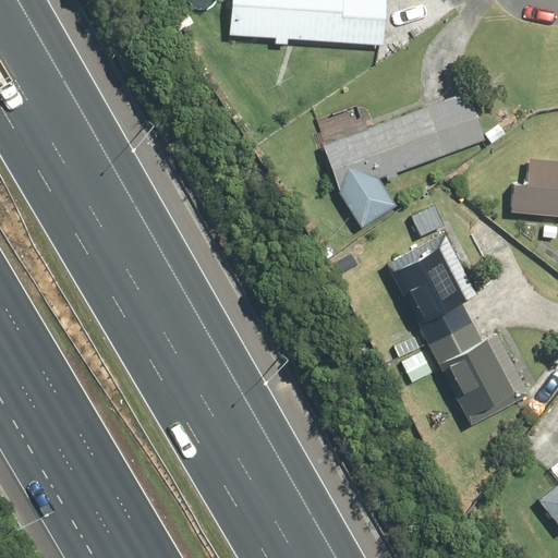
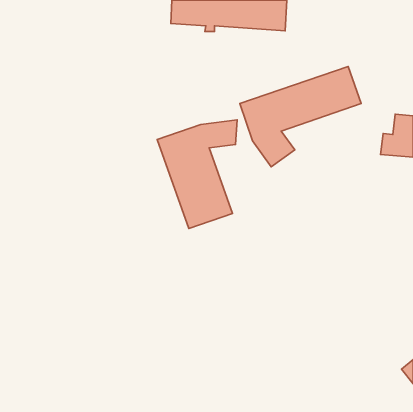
building: none -> [157,120,237,229]
building: [388,232,532,422] -> none

